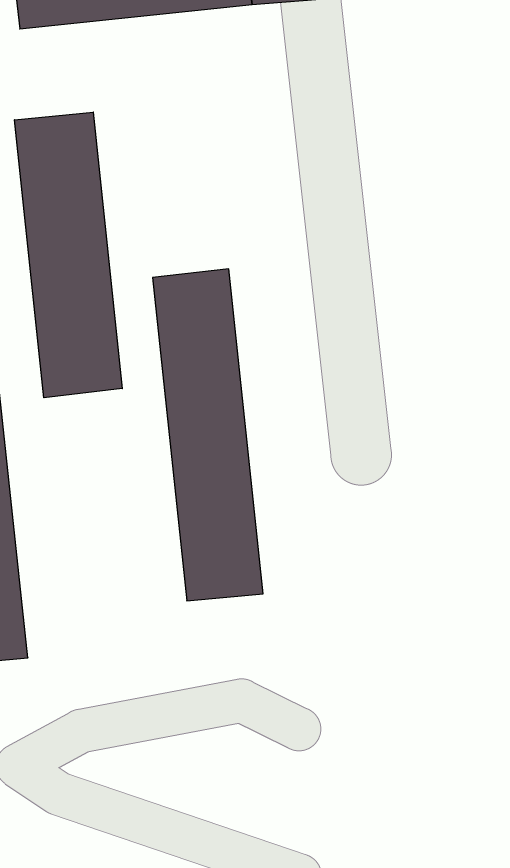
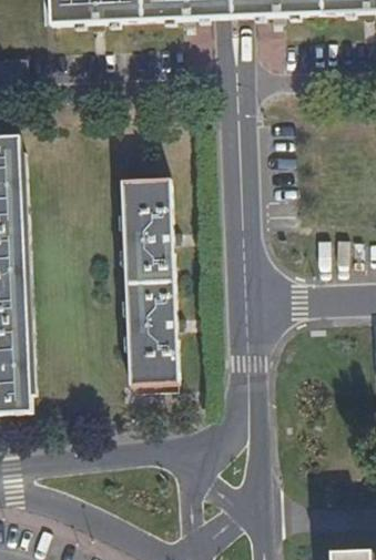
building: [15,112,122,398] -> none

